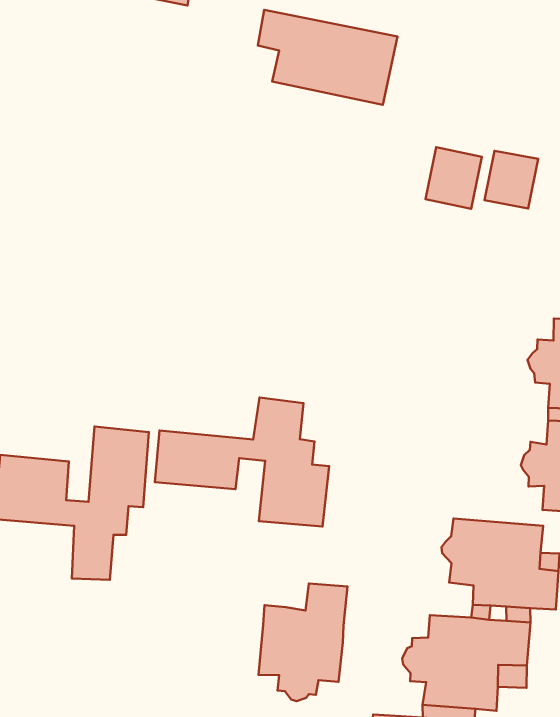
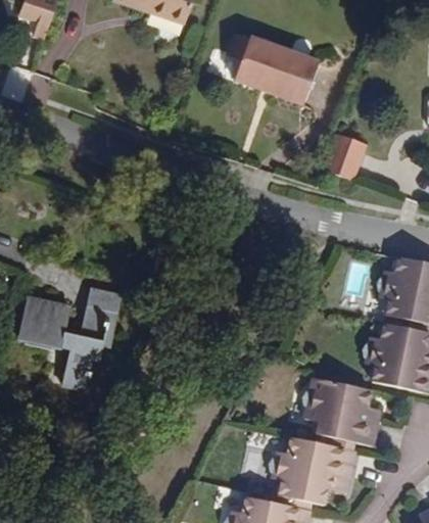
building: [484,151,538,208] -> none
building: [155,397,329,526] -> none
building: [259,583,347,701] -> none

